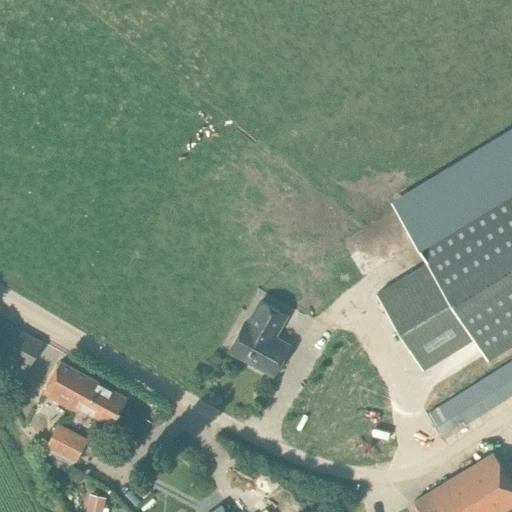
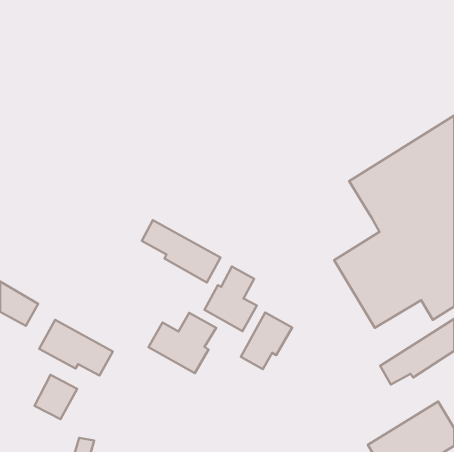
building: none -> [142,220,221,282]
building: none -> [241,312,292,369]
building: none -> [148,313,216,373]

